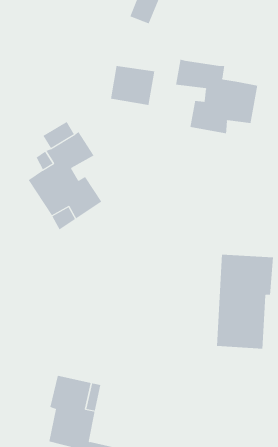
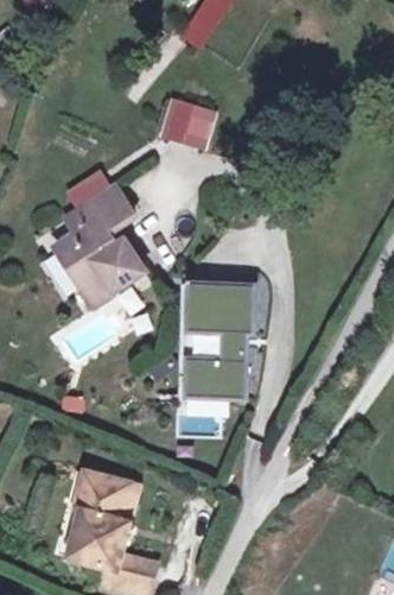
building: [176,59,258,134] -> none
building: [216,254,274,349] -> [185,281,255,397]

